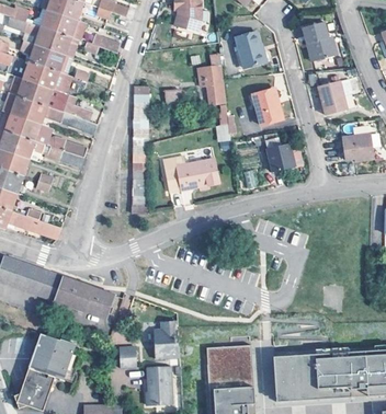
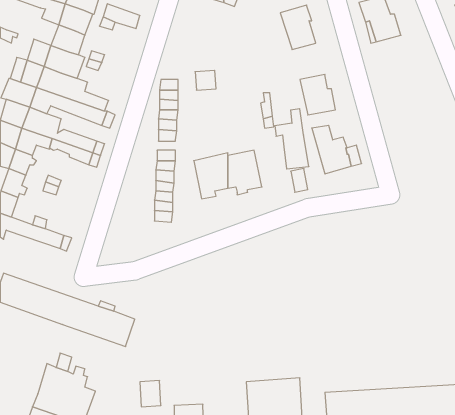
building: [20,39,50,66] -> none
building: [198,54,227,104] -> [275,109,309,169]
building: [317,80,345,115] -> none
building: [341,131,375,159] -> none
building: [155,320,180,358] -> none

